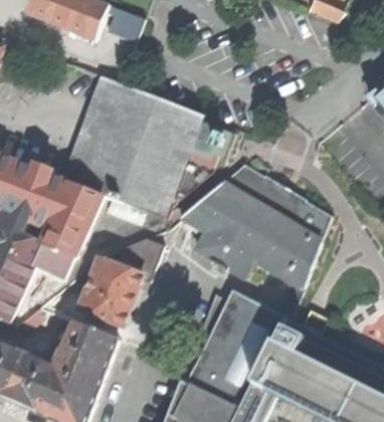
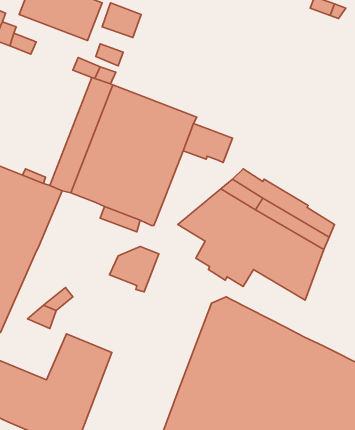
building: [34,187,102,280] -> none
building: [80,261,141,329] -> none

